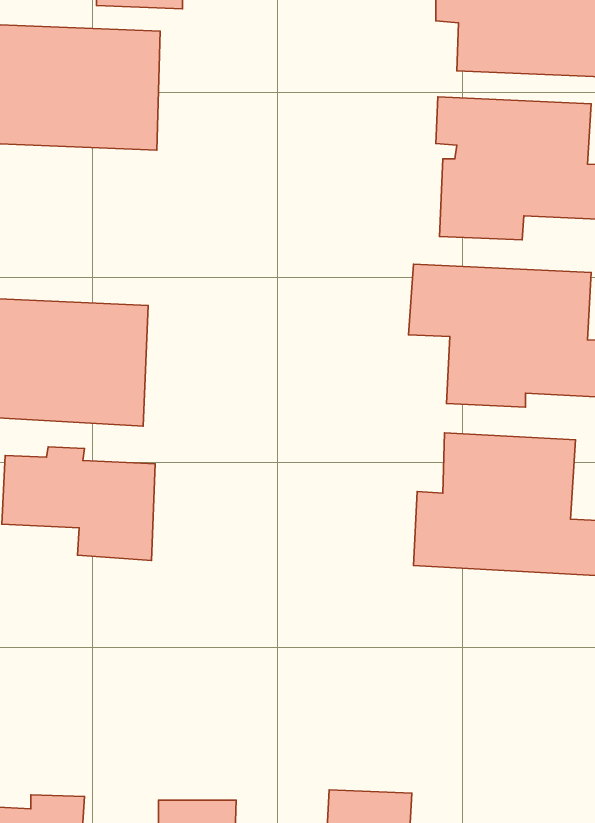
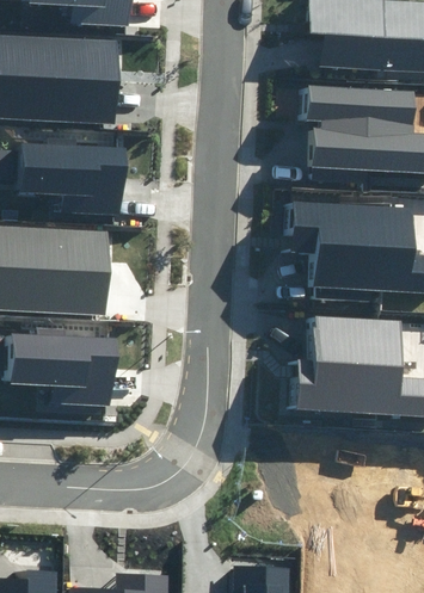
building: none -> [19,136,123,212]

